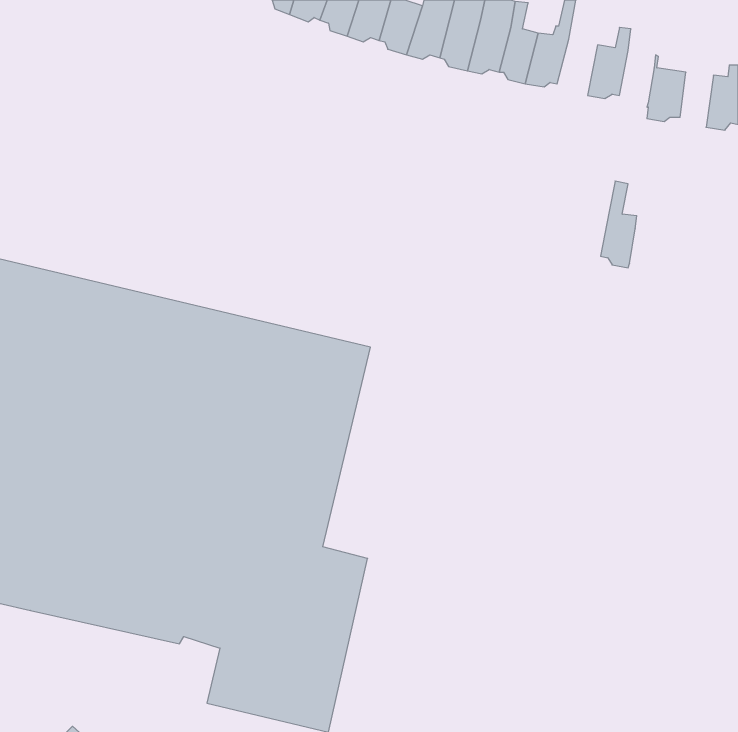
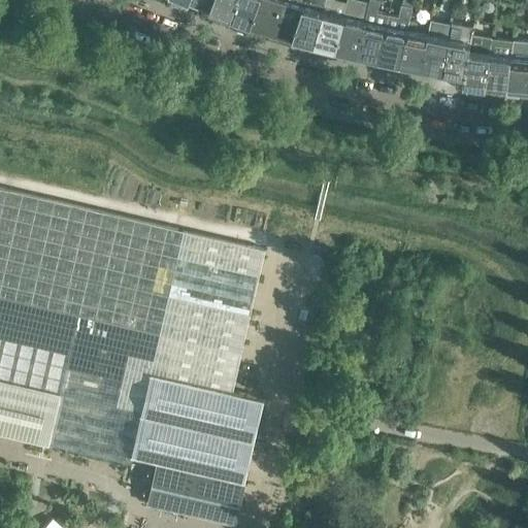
building: none -> [397,25,426,73]
building: none -> [485,39,508,96]
building: [601,181,637,268] -> [441,20,467,81]

